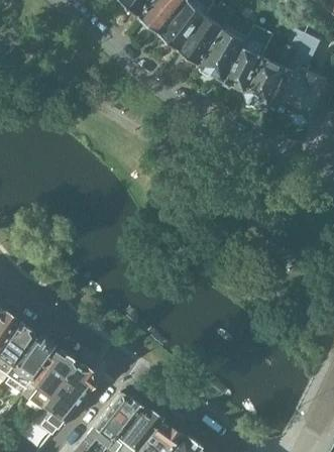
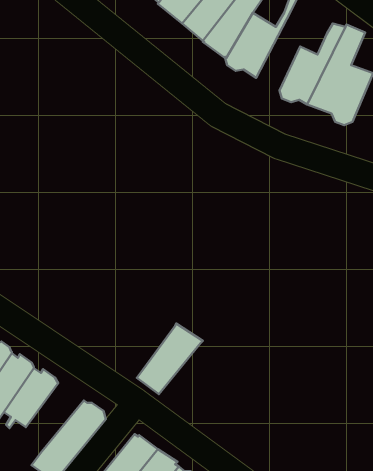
building: [226,23,268,91] -> none
building: [20,346,78,408] -> [137,323,203,394]

